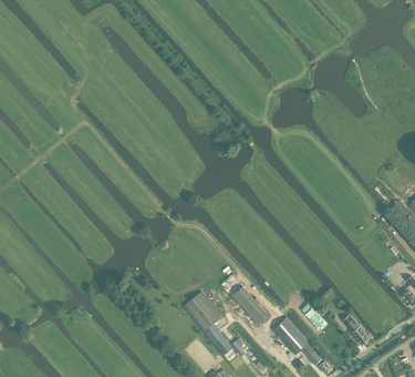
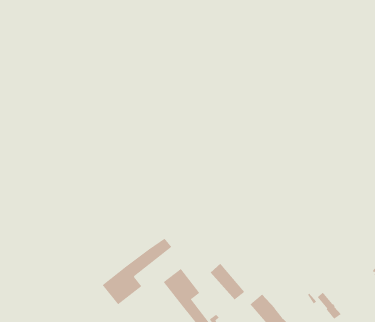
building: none -> [102,238,172,305]

